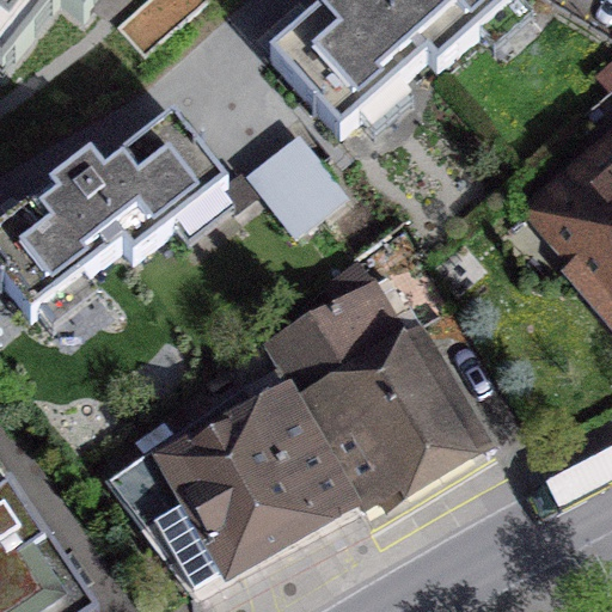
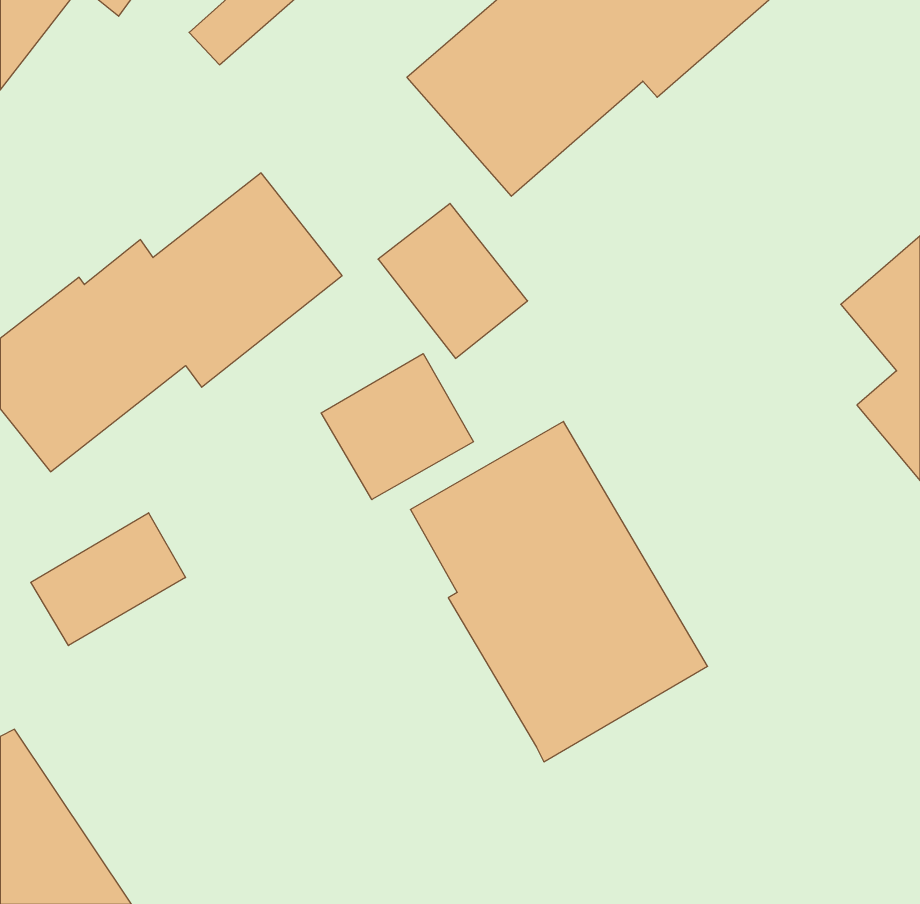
building: none -> [321,354,473,500]
building: none -> [31,513,186,646]
building: [109,385,356,590] -> none

